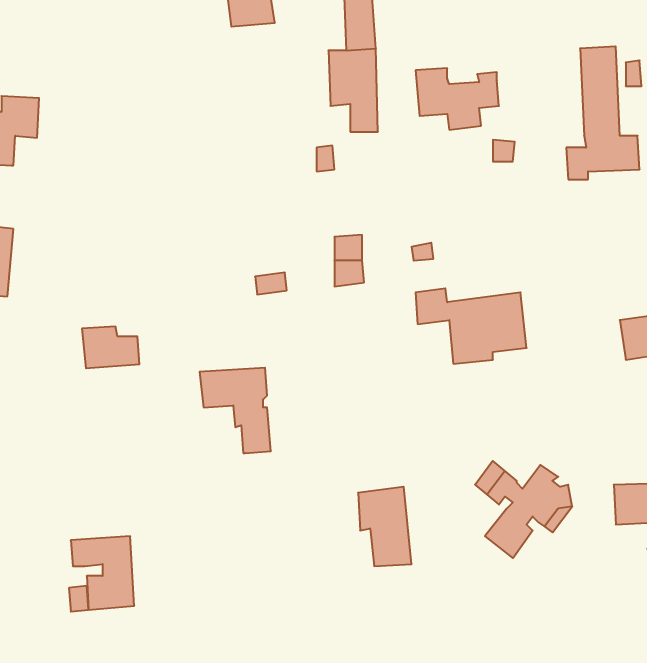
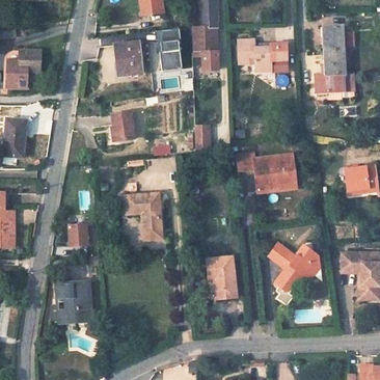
building: none -> [158,29,183,72]
building: none -> [114,43,140,75]
building: none -> [110,111,133,141]
building: [82,327,139,368] -> [67,223,98,245]

